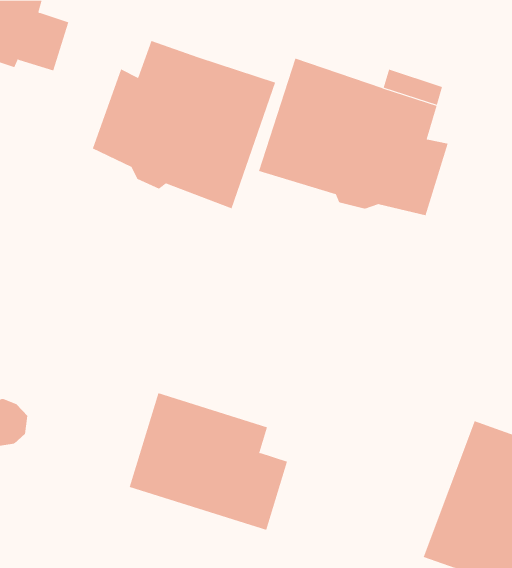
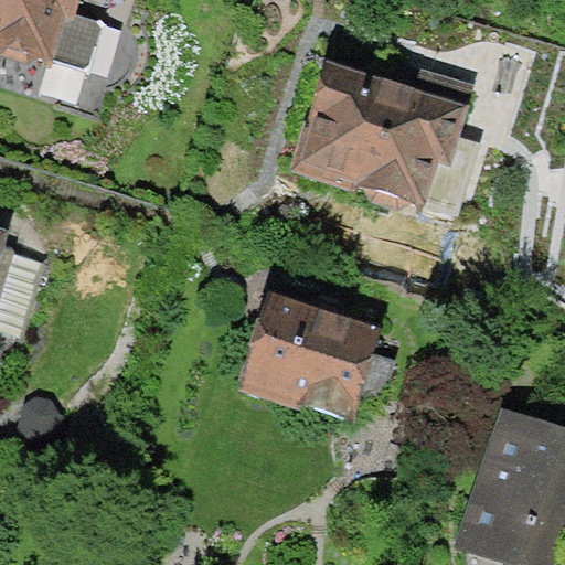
building: [92,40,276,209] -> none
building: [129,393,288,531] -> [239,292,397,429]

